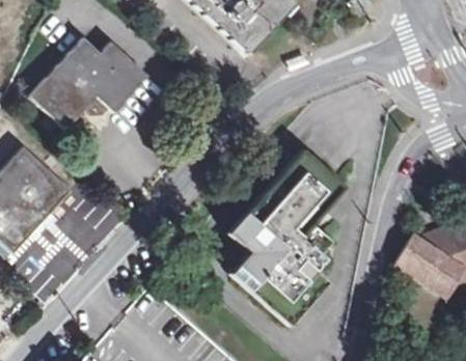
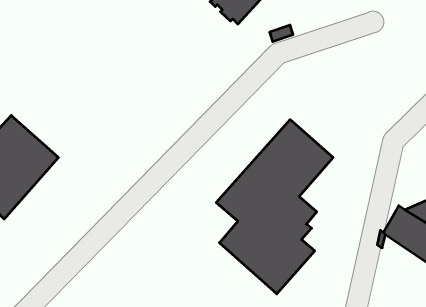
building: [30,37,147,128] -> none

